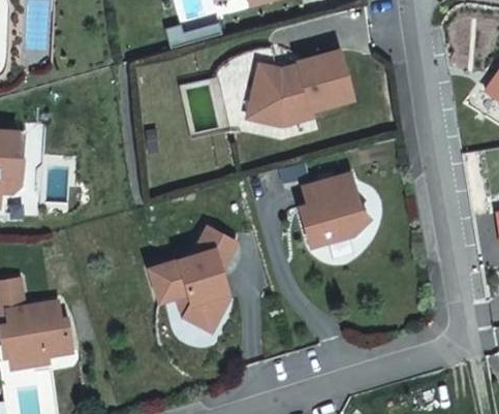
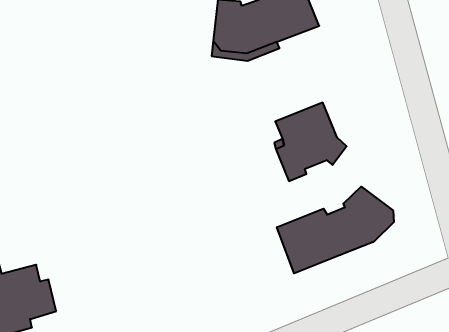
building: [148,227,236,331] -> none
building: none -> [277,187,394,273]

